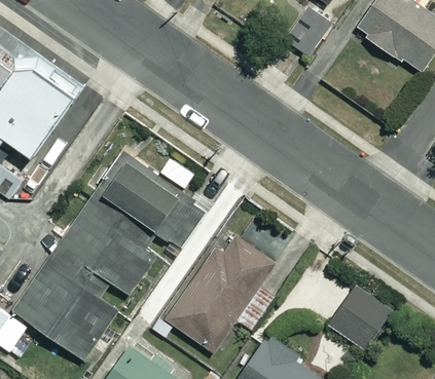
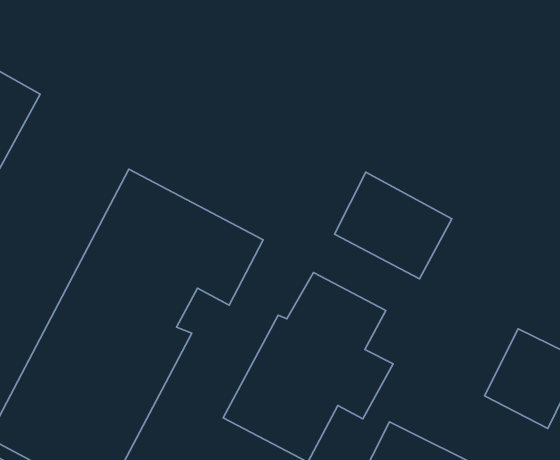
building: none -> [334,172,452,279]

